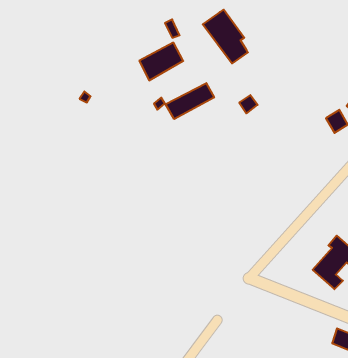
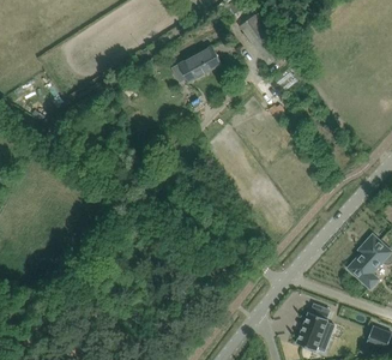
building: [165,83,214,119] -> none
building: none -> [295,304,333,350]

